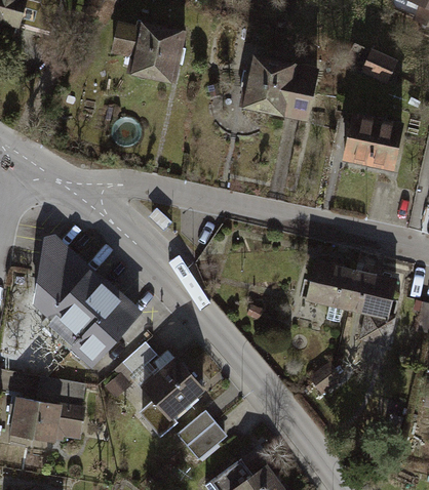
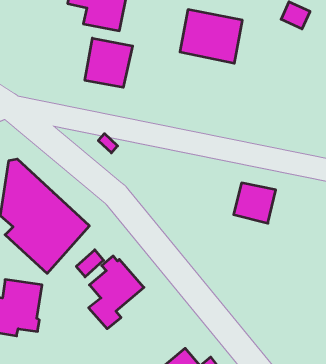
building: none -> [85,38,133,87]
building: [344,117,400,174] -> none
building: [346,271,394,342] -> none
building: [176,409,225,457] -> none

